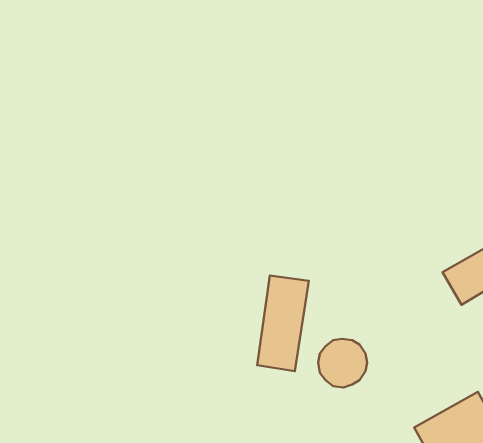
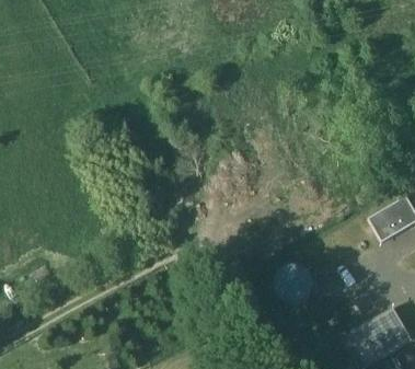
building: [257,276,309,371] -> none

